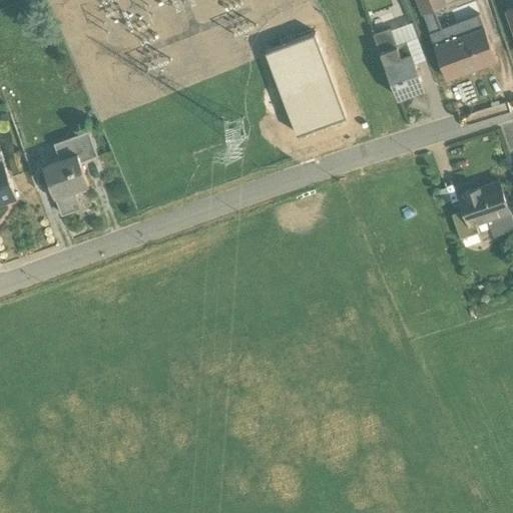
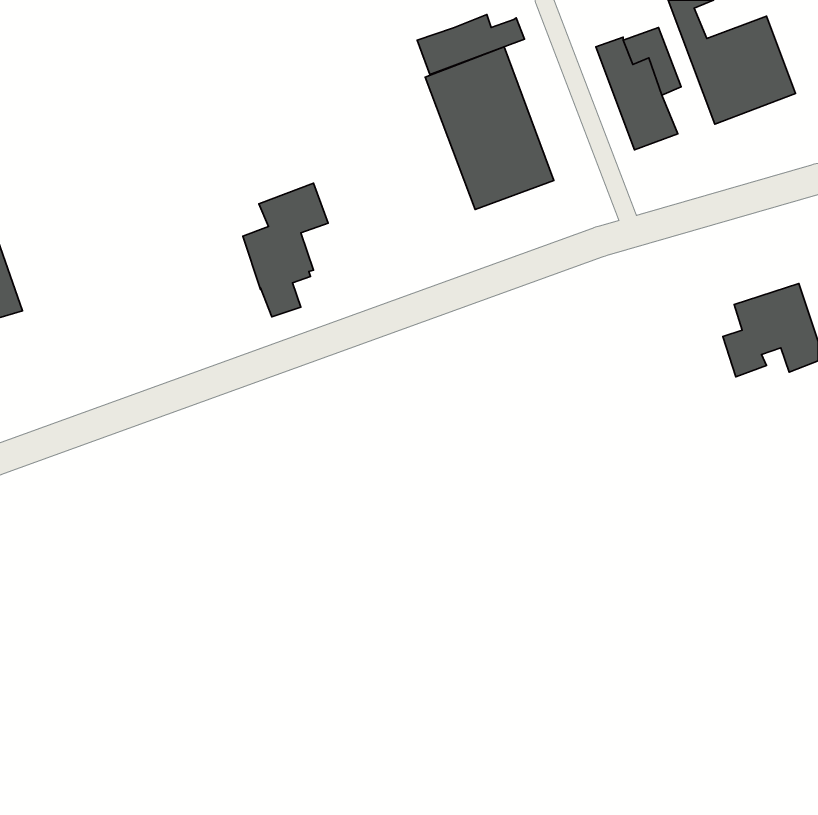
building: none -> [417,15,525,74]
building: [42,131,95,214] -> [243,183,328,317]

